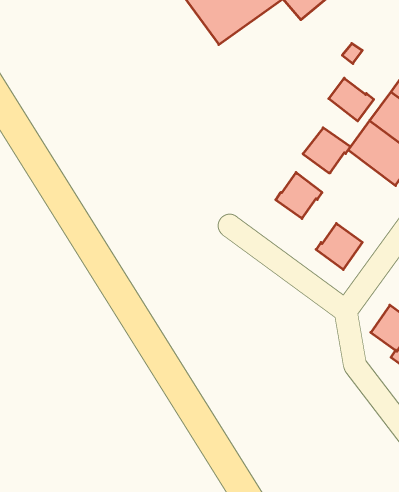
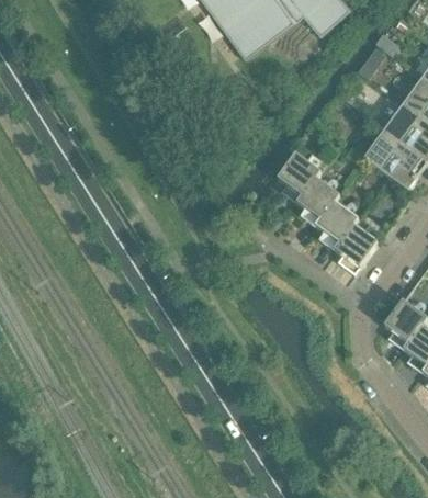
building: [329,78,374,121] -> none
building: [303,128,350,173] -> [277,154,320,195]
building: none -> [315,201,358,242]

